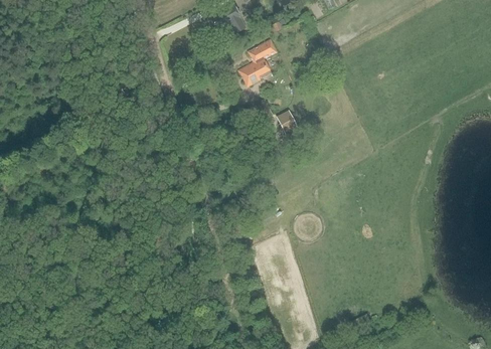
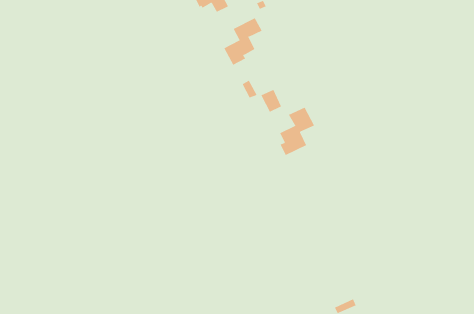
building: none -> [280,107,315,156]

